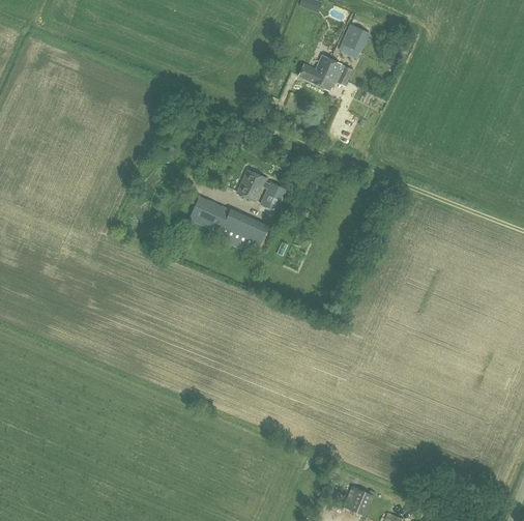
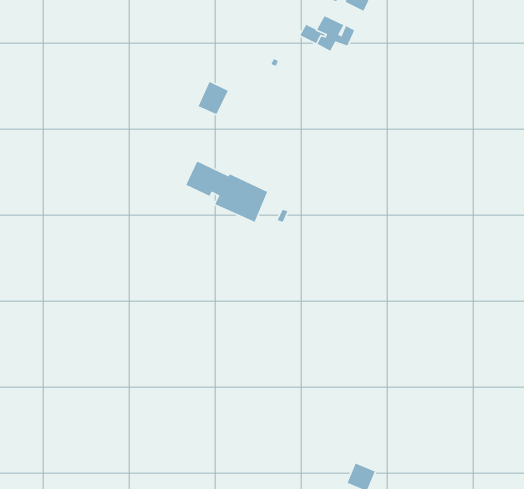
building: [236,168,266,201] -> [197,81,229,115]
building: [260,180,286,211] -> none

